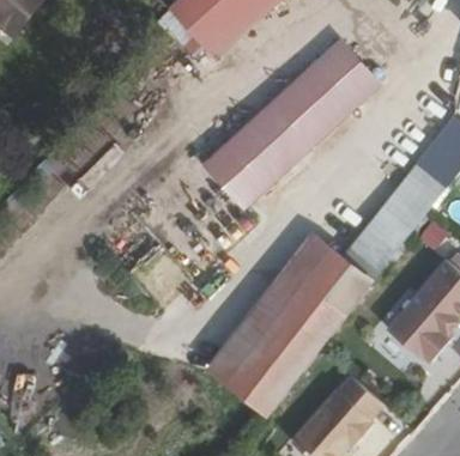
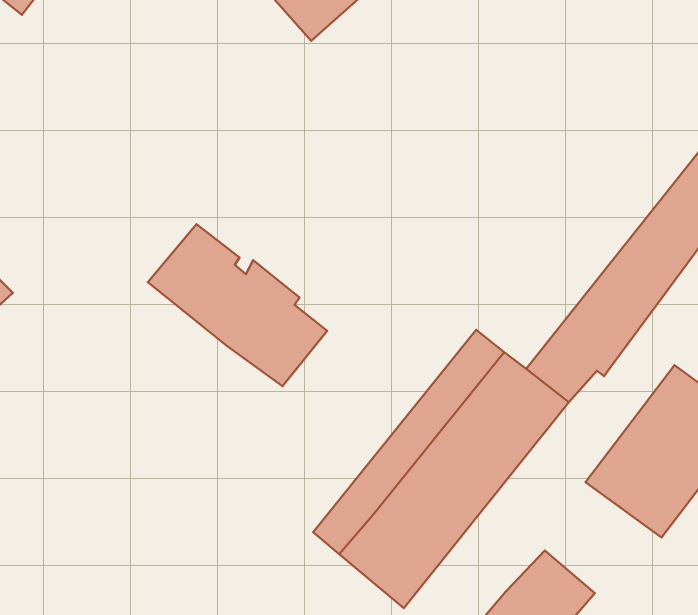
building: [206,43,377,206] -> none
building: none -> [148,224,327,386]

